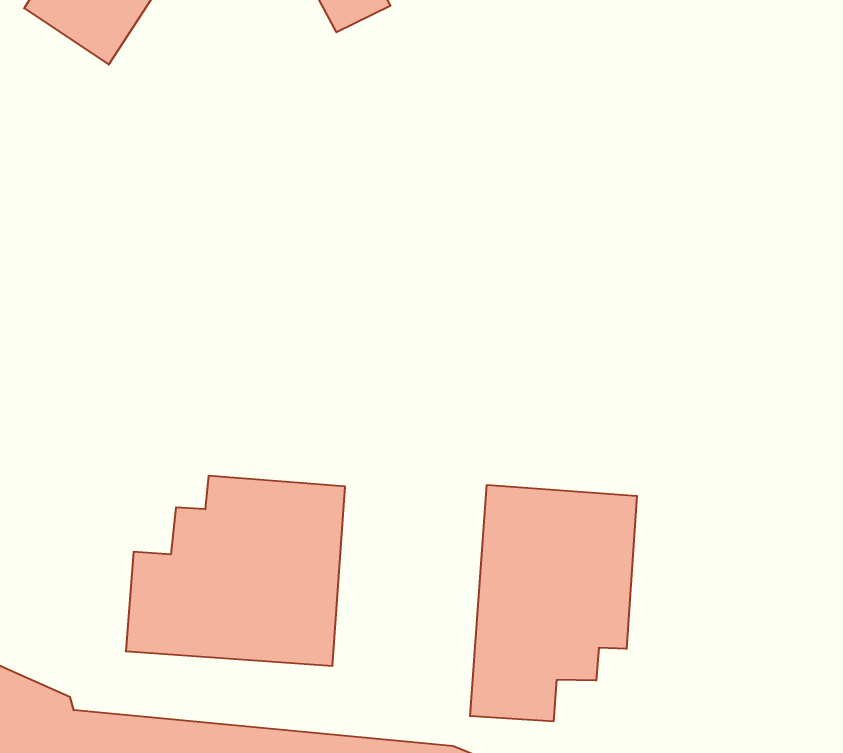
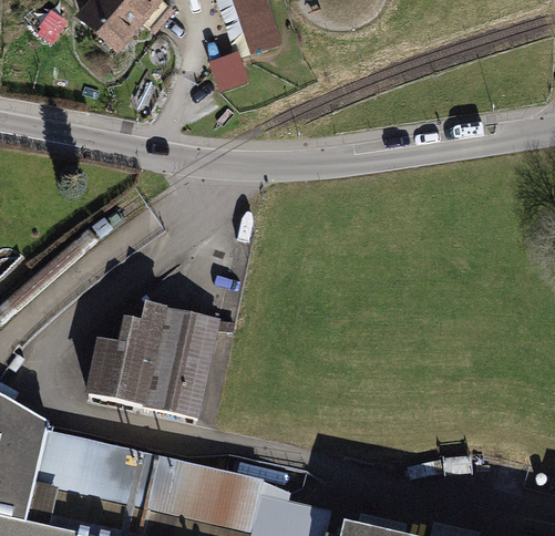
building: none -> [209,50,250,91]
building: [470,485,637,721] -> none

